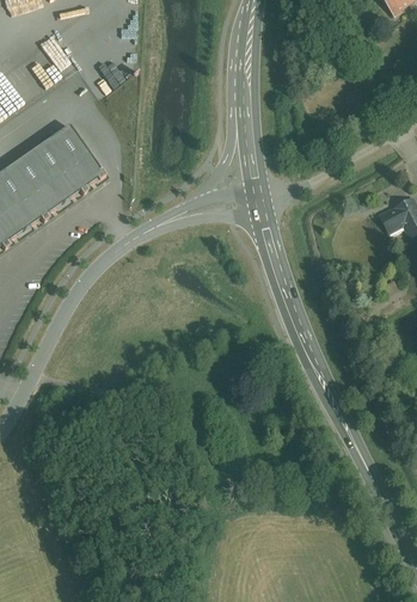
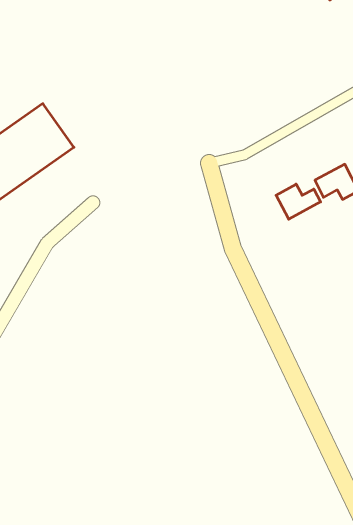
building: none -> [276,184,321,219]

